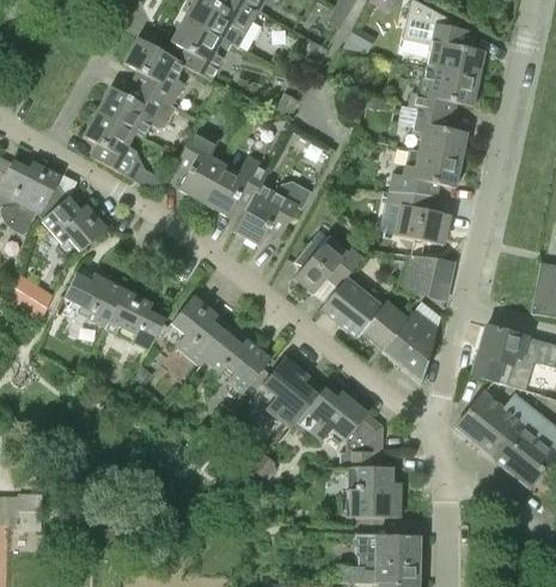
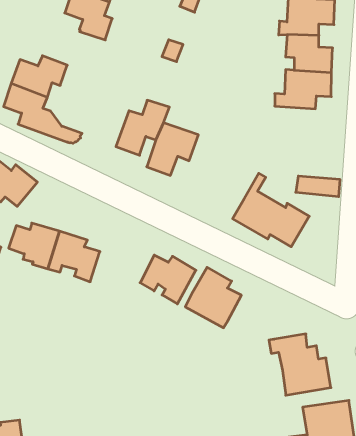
building: [124,37,185,105] -> none
building: [175,127,225,202] -> none
building: [387,187,450,244] -> none
building: [294,236,368,292] -> none
building: [404,253,456,282] -> none
building: [171,294,226,366] -> none
building: [383,312,436,380] -> none
building: [297,387,383,451] -> none

